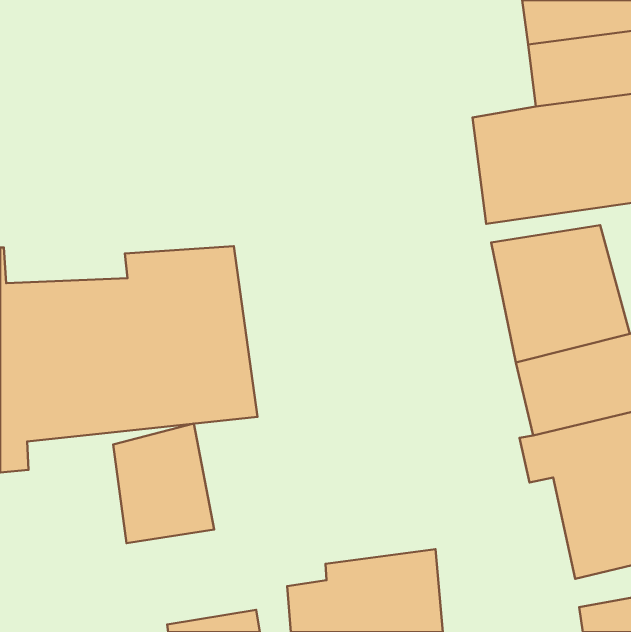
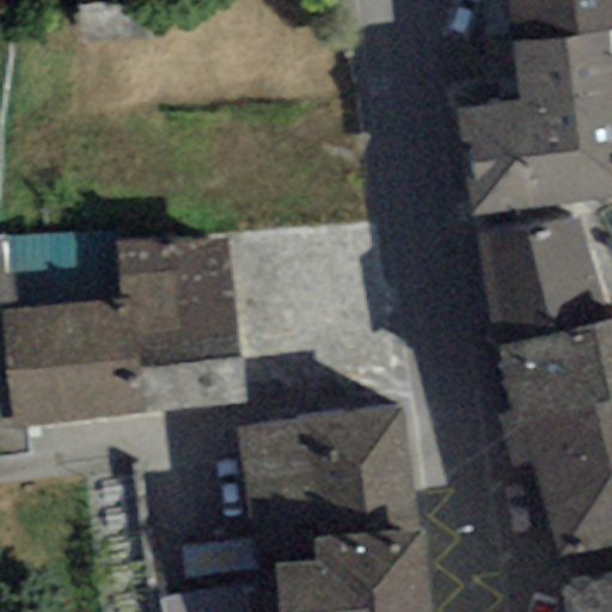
building: none -> [239,406,422,569]
building: [113,424,214,543] -> none

